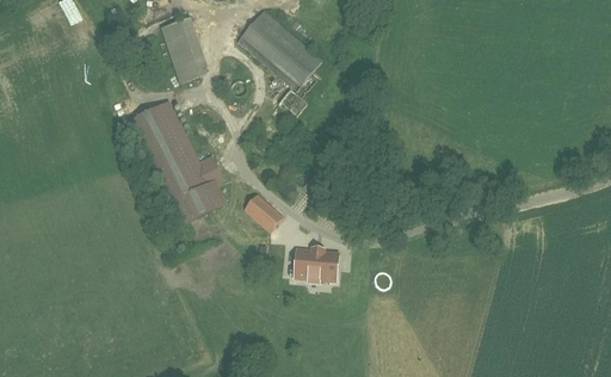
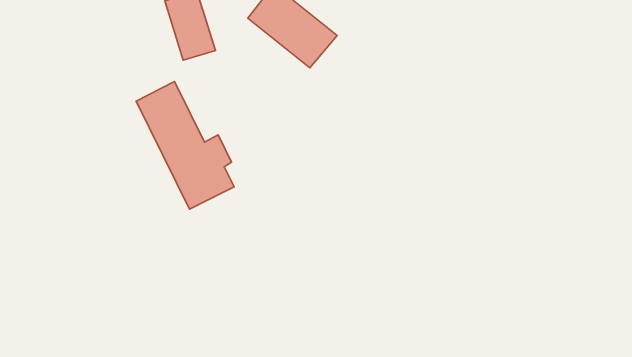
building: [242,191,286,234] -> none
building: [291,246,338,282] -> none

